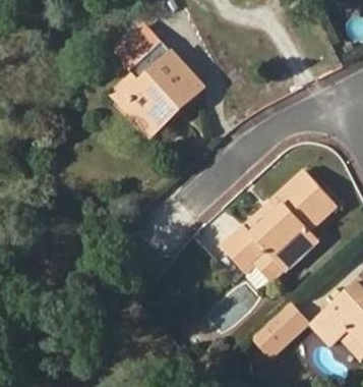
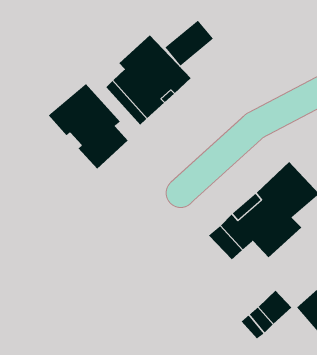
building: [113,18,164,66] -> [164,20,214,66]
building: none -> [48,83,128,170]

